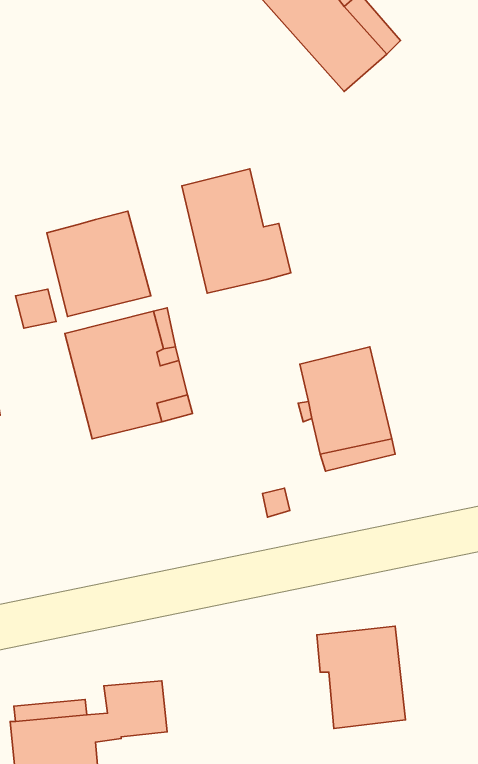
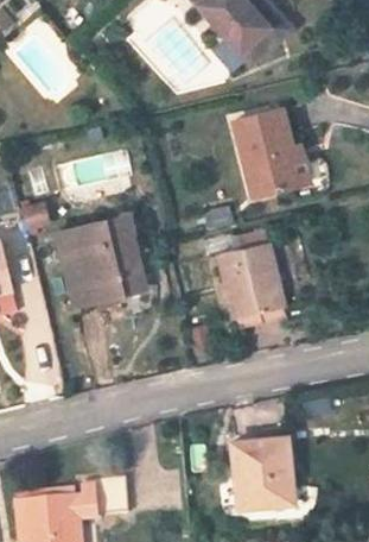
building: [182,169,291,293] -> [234,109,310,196]
building: [47,211,151,316] -> none

